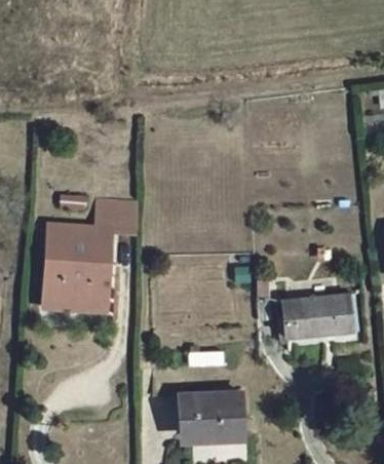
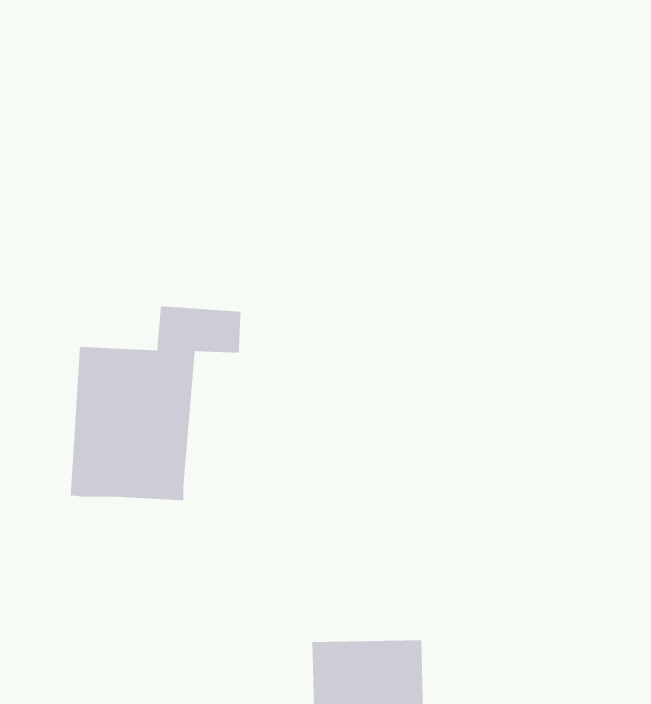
building: [287,299,356,339] -> none

